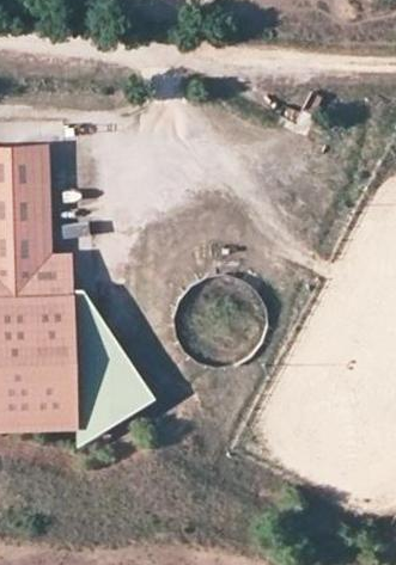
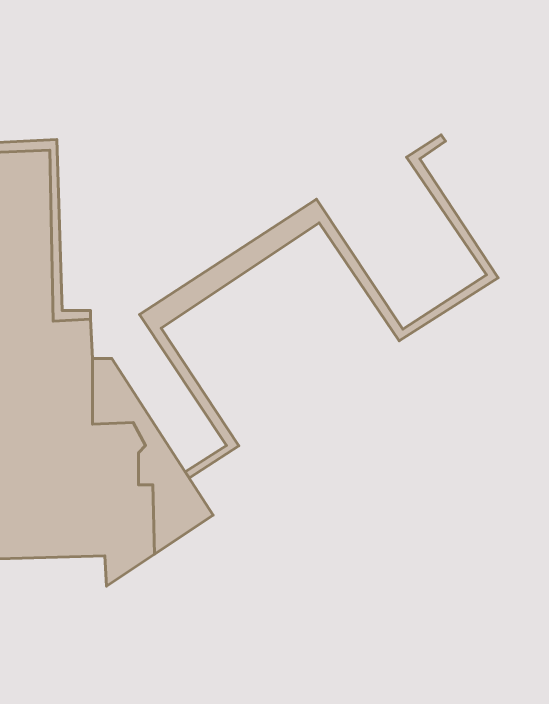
building: none -> [139,135,498,478]

